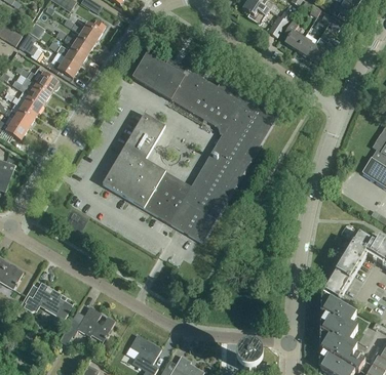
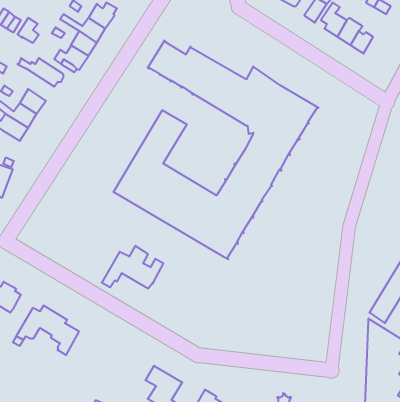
building: [11,77,50,105] -> none
building: [61,305,114,342] -> [102,246,163,288]

